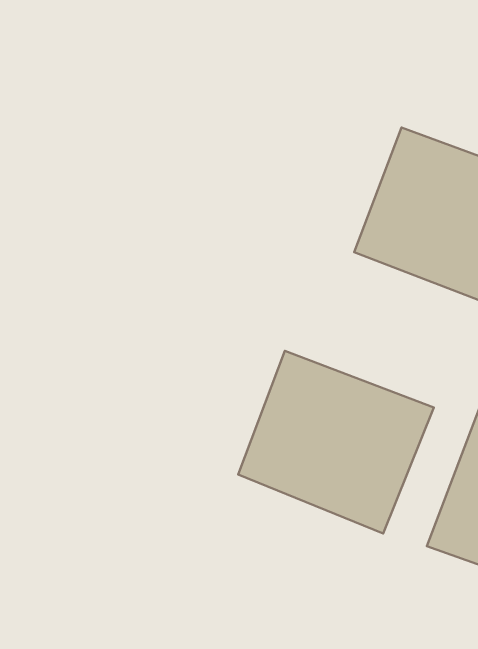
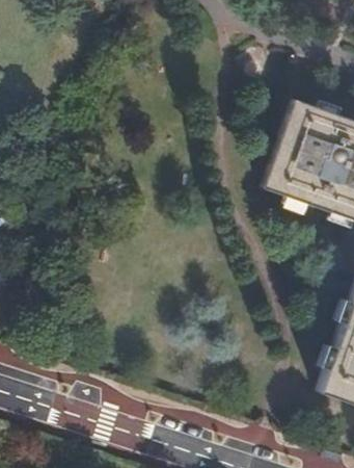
building: [238,351,434,534] -> none

